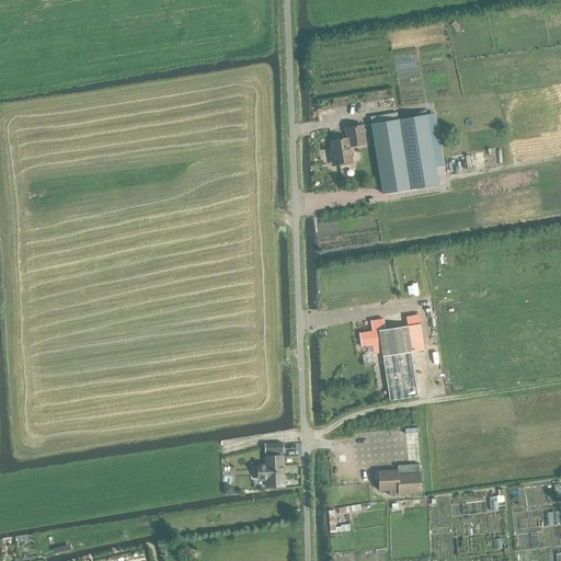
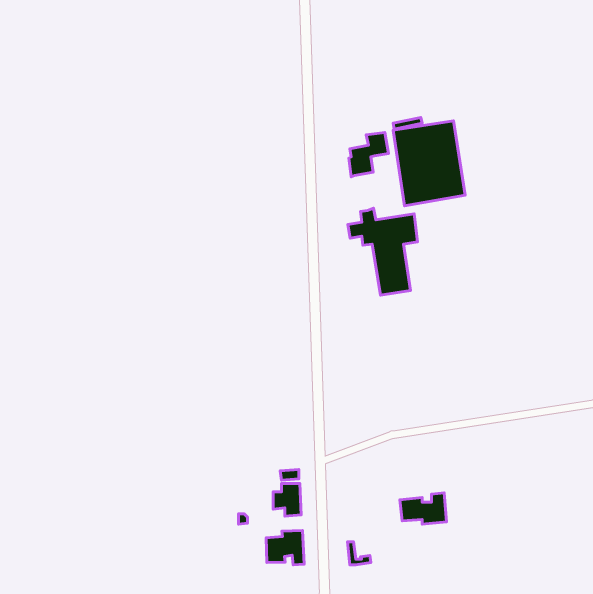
building: [359,318,425,400] -> [348,208,418,295]
building: none -> [266,530,304,565]

